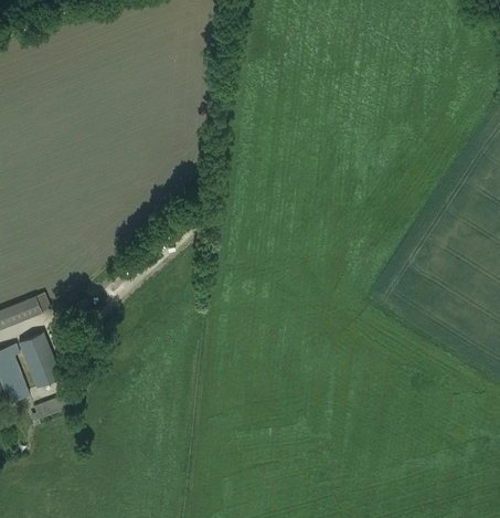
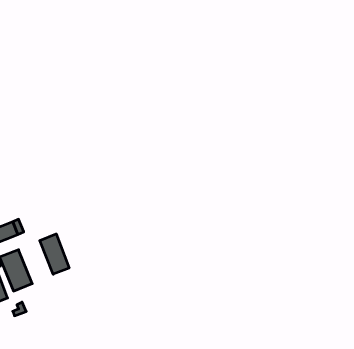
building: none -> [40,234,69,274]

